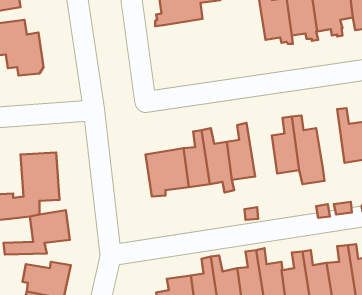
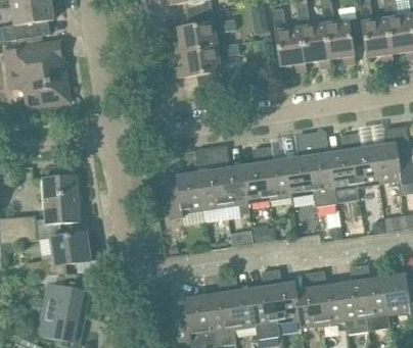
building: none -> [175,43,238,87]
building: none -> [328,134,356,189]
building: none -> [261,146,290,199]

